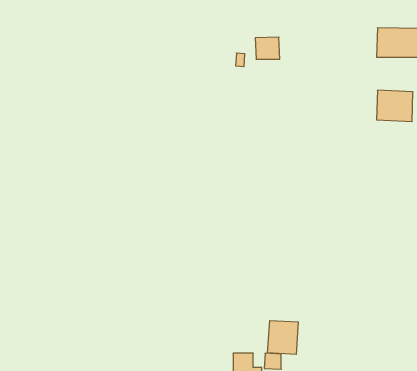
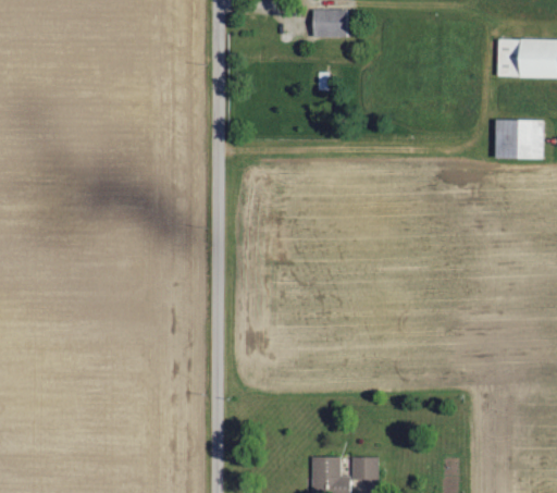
building: [255,37,280,59] -> [313,8,345,36]
building: [268,321,298,354] -> none

